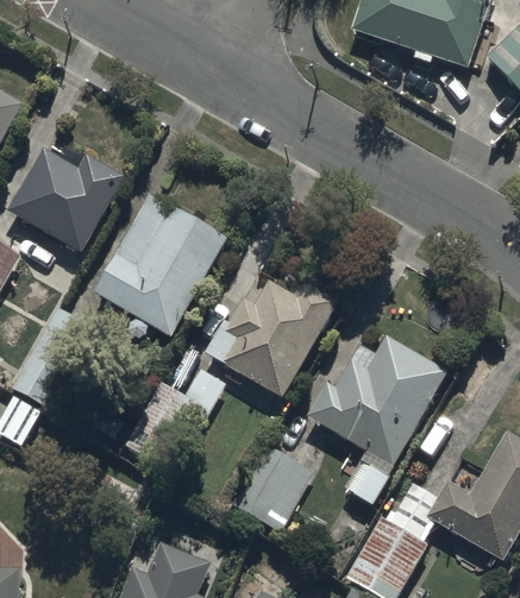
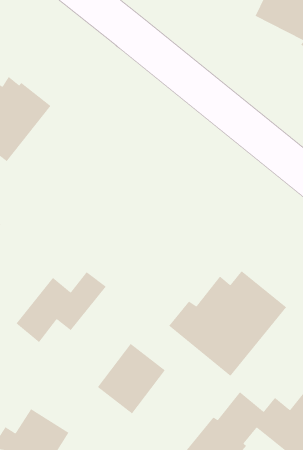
building: [95,196,227,336] -> none
building: [205,279,338,397] -> none

